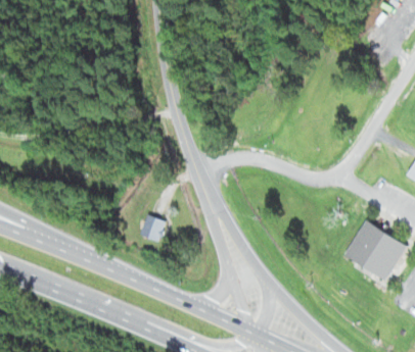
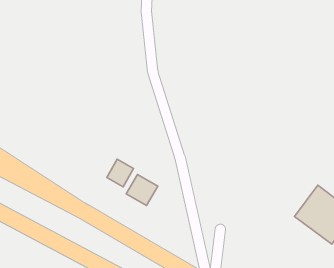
building: none -> [126,174,158,205]

